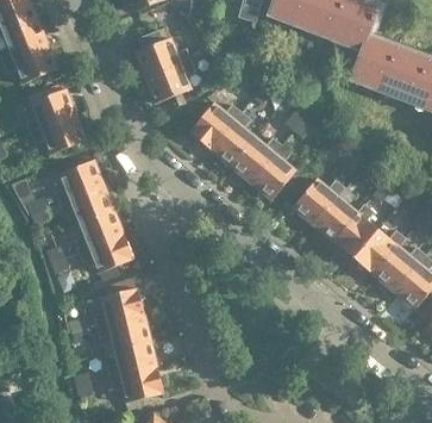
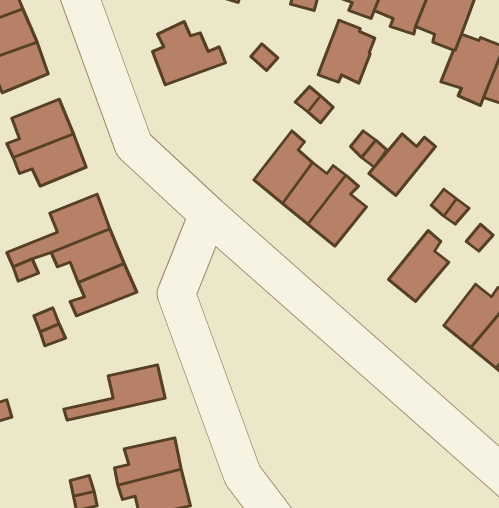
building: none -> [318,20,375,83]
building: [145,60,195,102] -> none
building: [190,101,240,148] -> none
building: [293,176,343,223] -> [369,134,435,196]
building: [333,203,378,257] -> none
building: [79,232,133,272] -> none
building: [71,312,152,350] -> none

